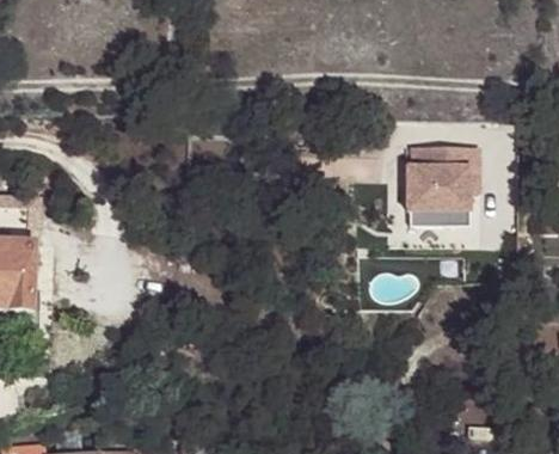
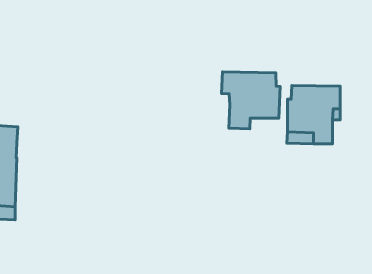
building: none -> [222,72,280,129]

